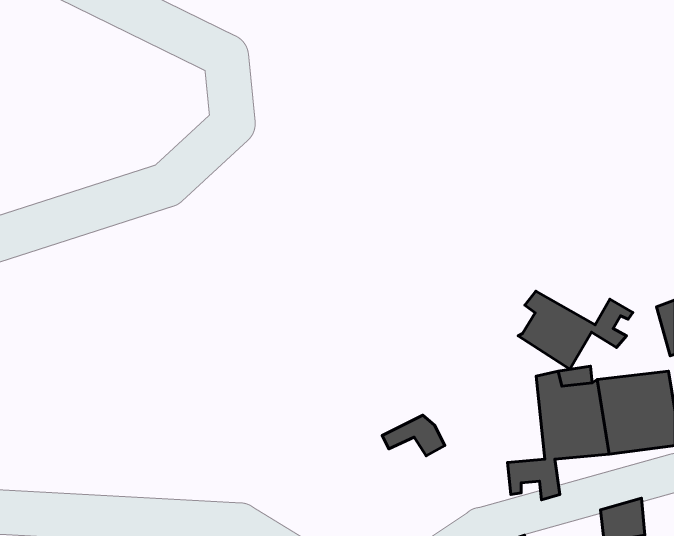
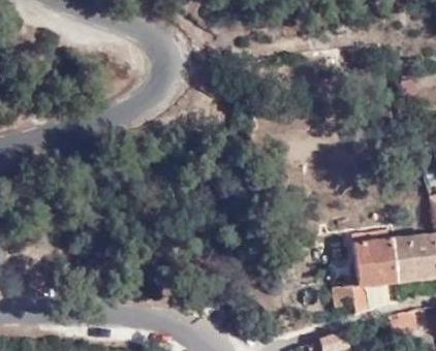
building: [518,291,633,369] -> none

